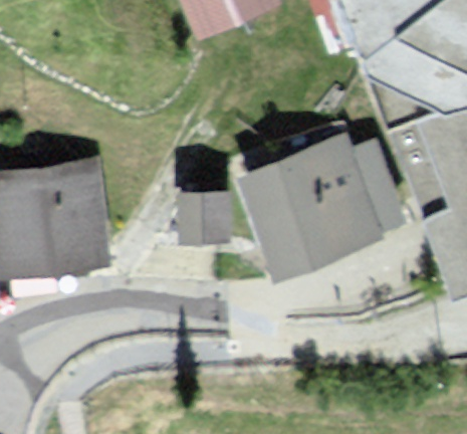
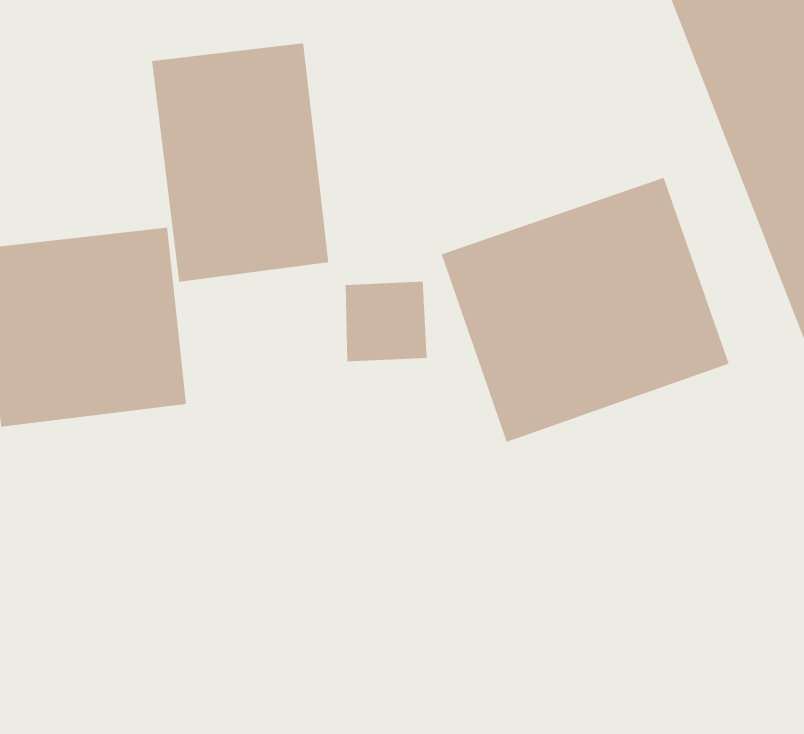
building: none -> [152,43,329,282]

